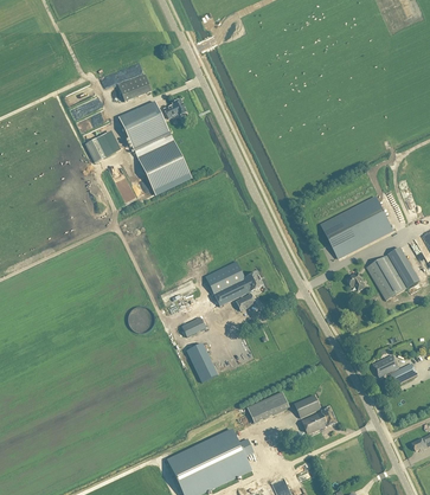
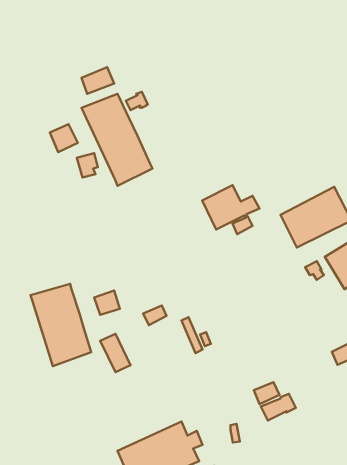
building: [205,261,263,310] -> [202,185,259,234]
building: none -> [30,284,91,366]
building: [186,342,217,381] -> [100,334,131,372]
building: [246,391,289,422] -> none

